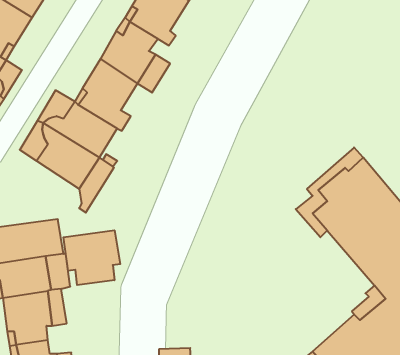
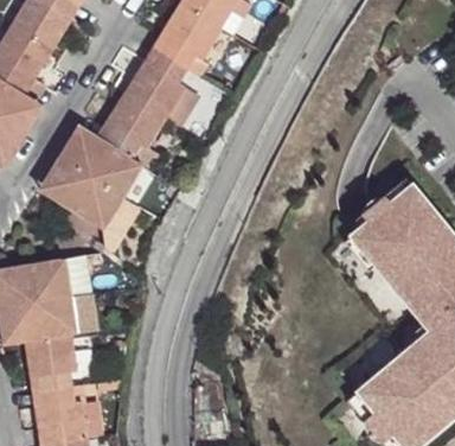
building: [63,230,120,285] -> none

